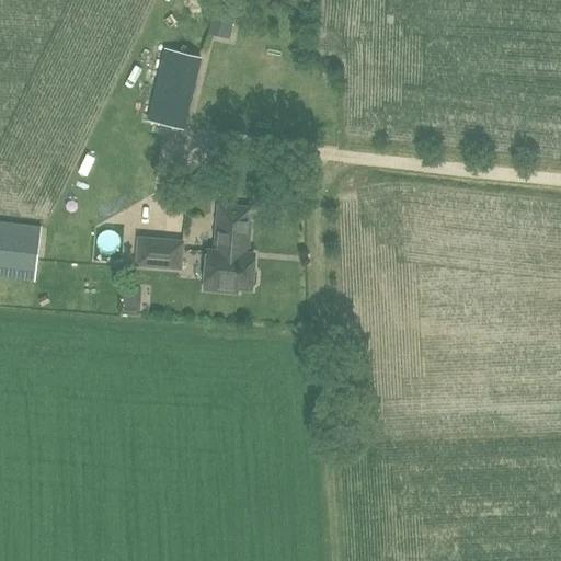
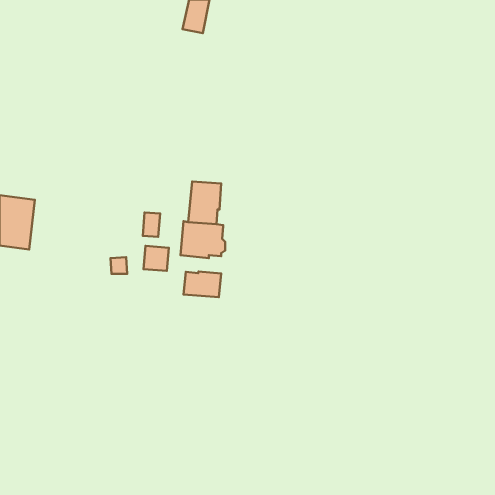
building: [146,50,198,129] -> none
building: [135,238,163,266] -> [144,246,169,271]
building: none -> [184,272,221,297]

